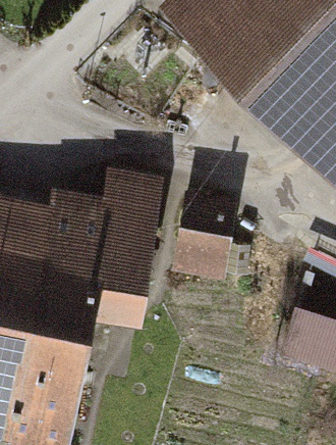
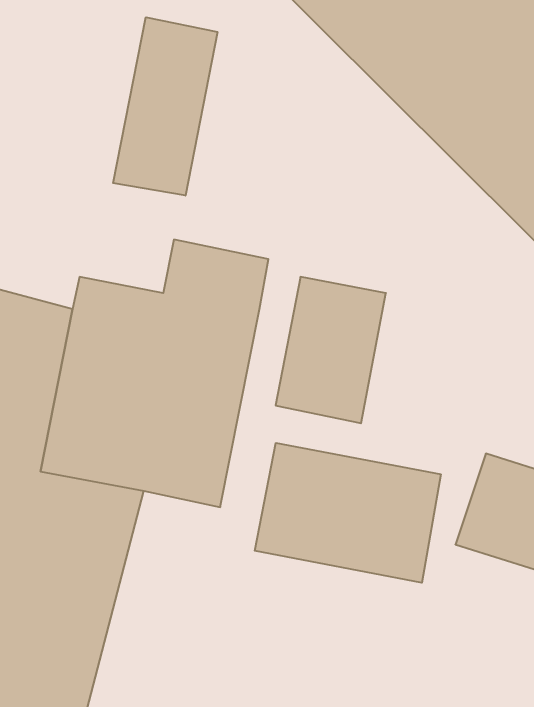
building: none -> [113,17,217,196]
building: none -> [255,443,441,583]

